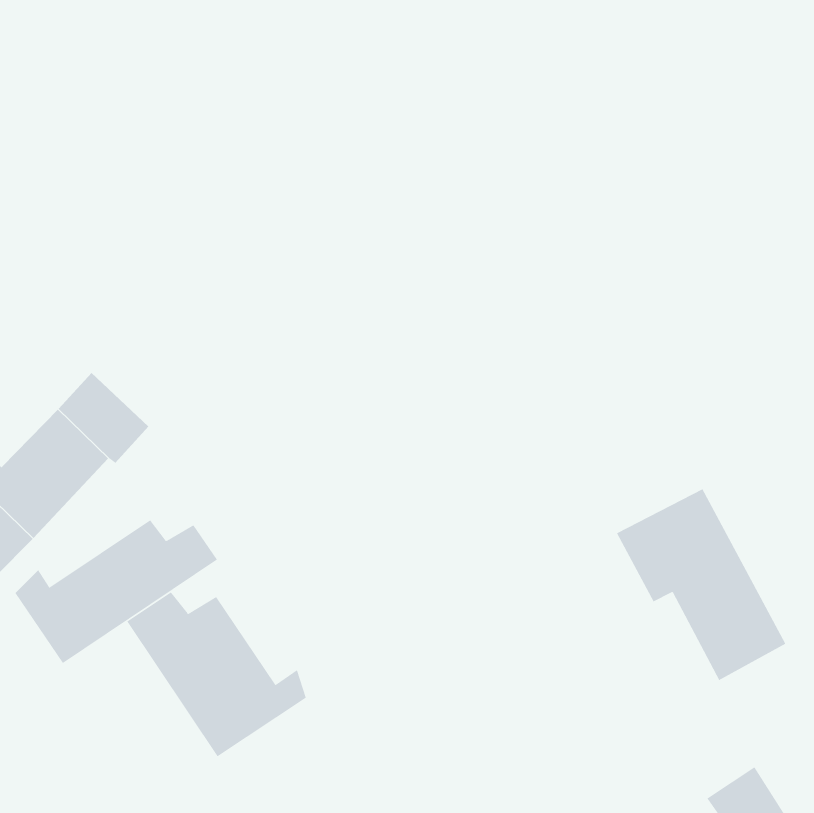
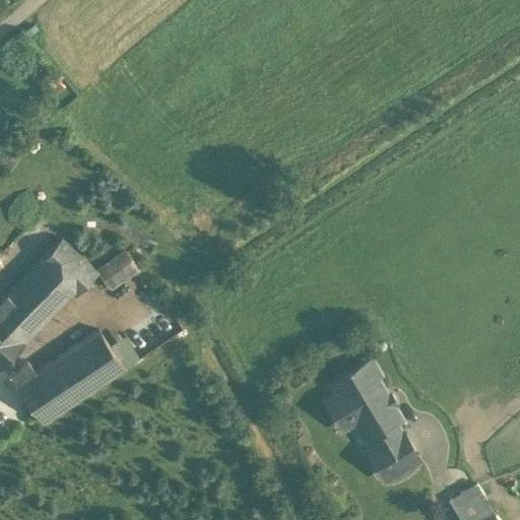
building: none -> [94,254,135,291]
building: [616,488,786,681] -> [320,366,428,488]
building: [126,592,306,757] -> none

